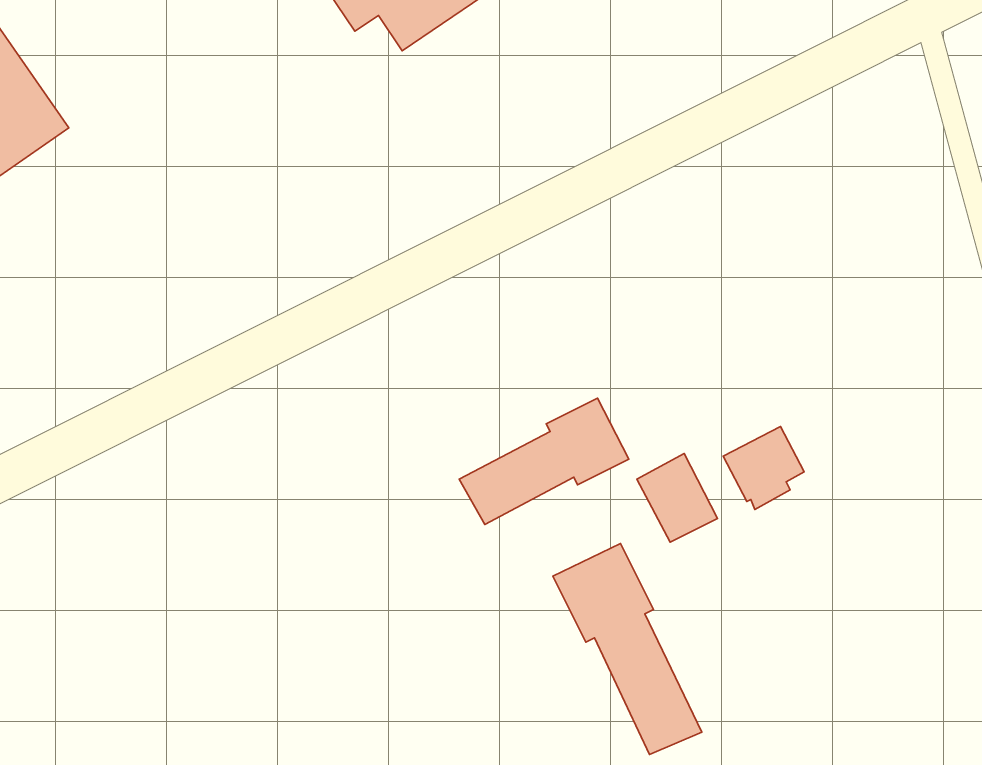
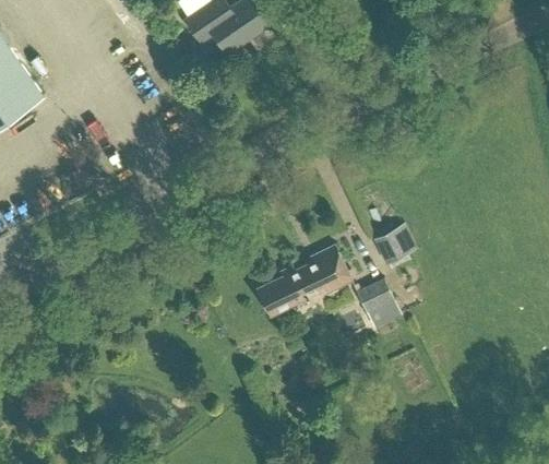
building: [723,427,804,509] -> [372,222,417,267]
building: [553,544,702,755] -> none

